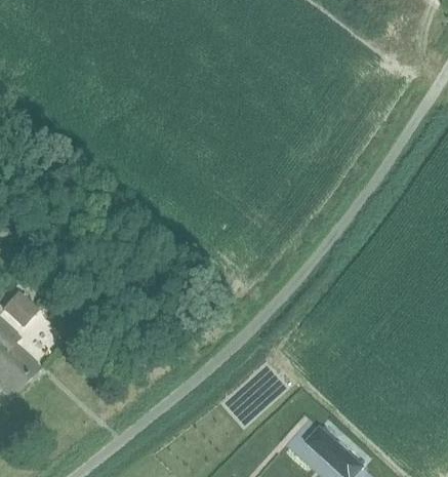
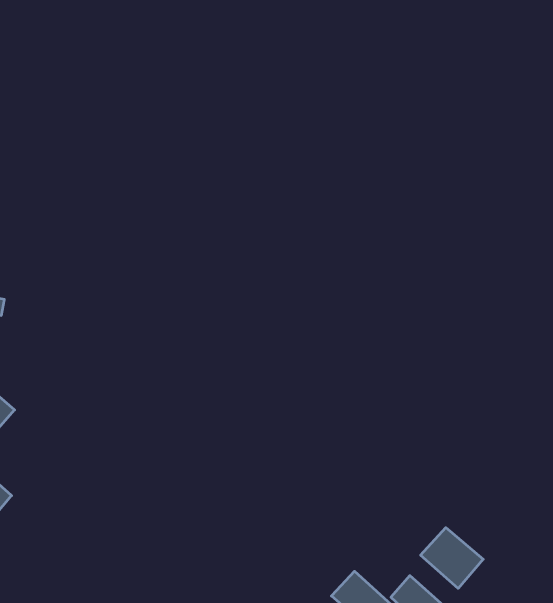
building: none -> [421,528,483,588]

